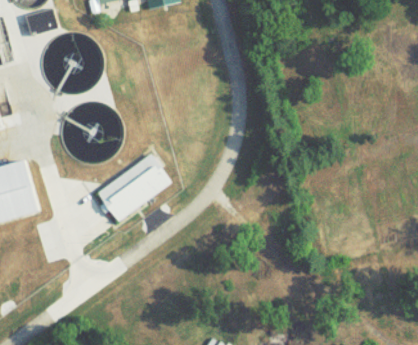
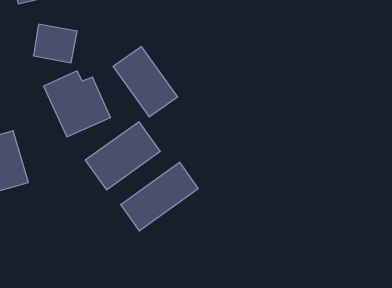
building: none -> [113,46,178,117]
building: none -> [121,162,198,231]

